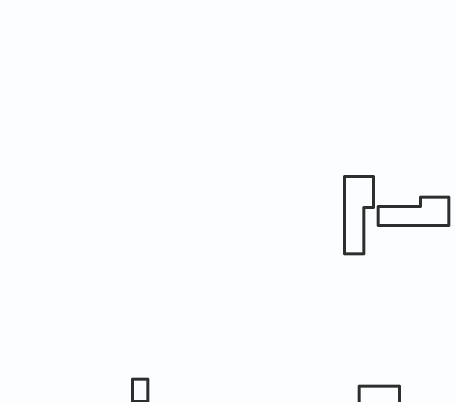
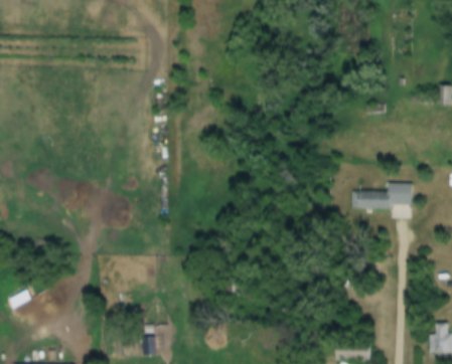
building: [344,176,374,254] -> none

